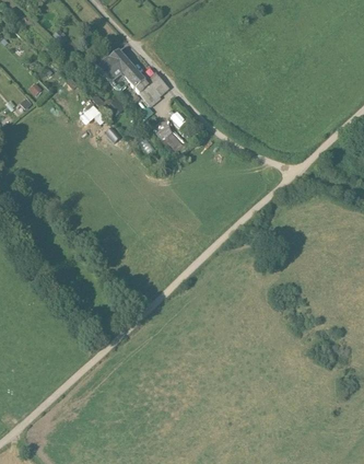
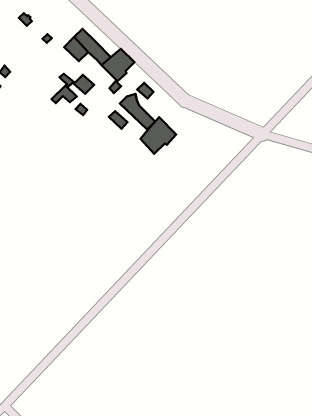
building: none -> [140,117,176,154]

